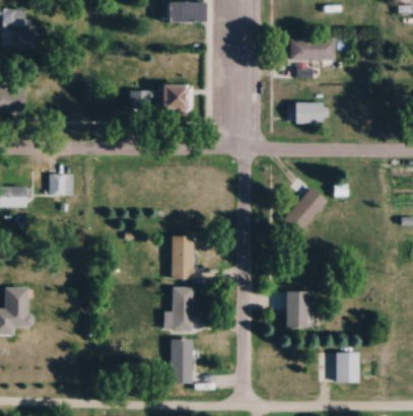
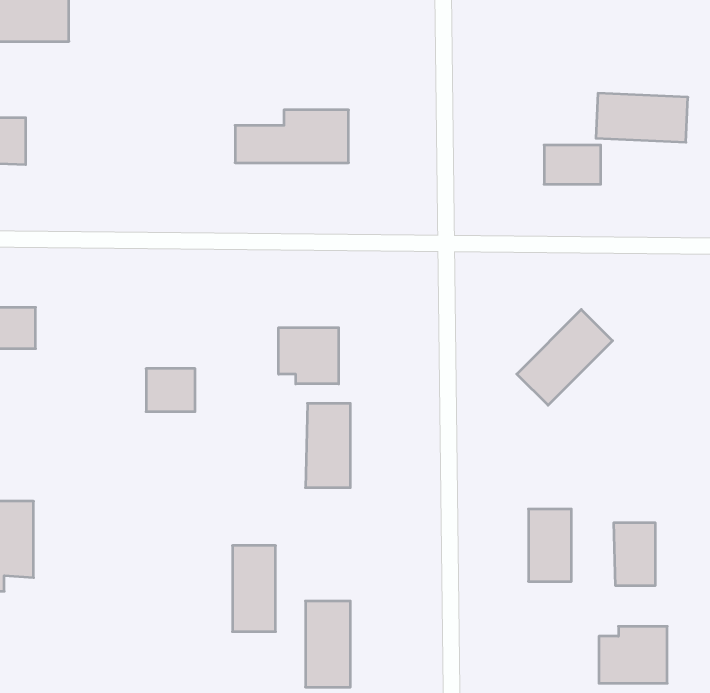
building: [291,37,339,62] -> [596,93,688,142]
building: [52,175,77,197] -> [146,369,195,412]
building: none -> [279,328,339,384]
building: [171,287,194,332] -> [232,546,276,632]
building: none -> [614,523,655,586]

